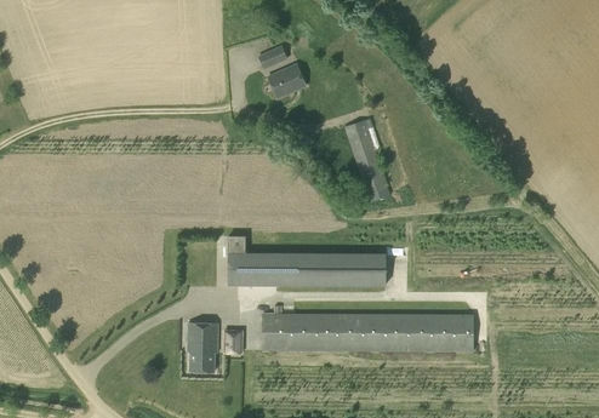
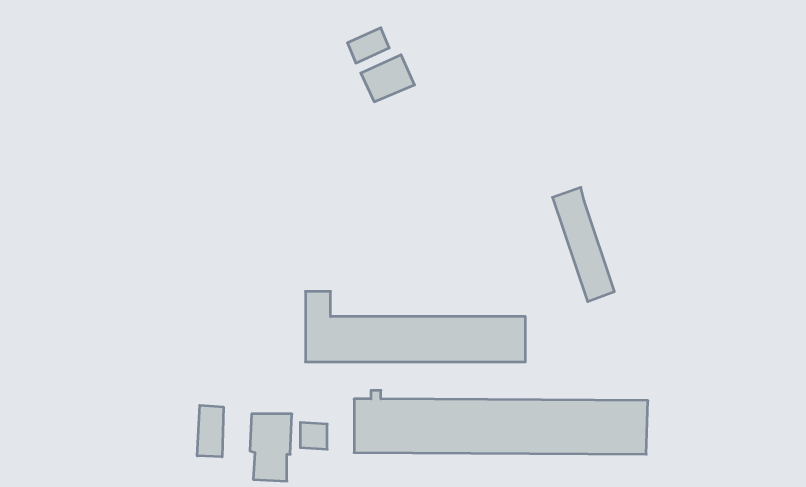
building: [344,120,389,202] -> [552,187,614,302]
building: none -> [197,405,223,457]

